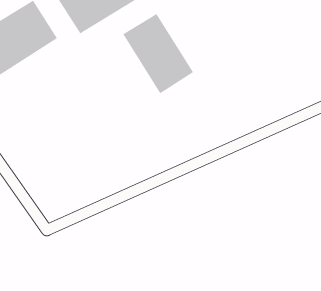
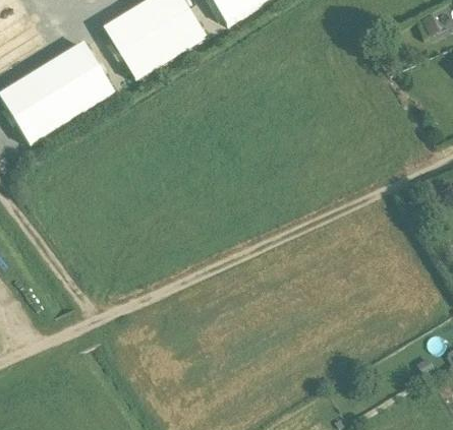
building: [122,13,194,94] -> none

